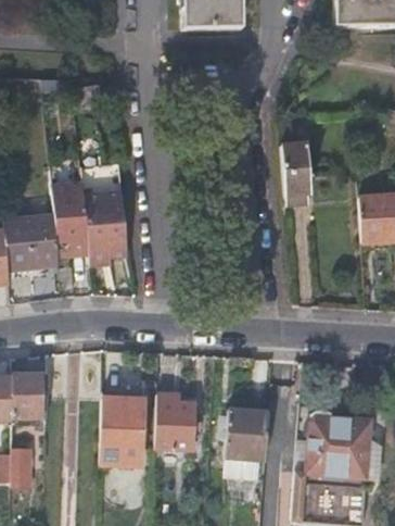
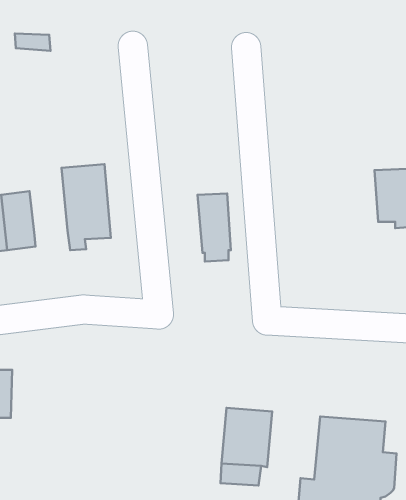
building: [282,141,311,201] -> [198,194,231,261]
building: [52,179,89,253] -> none
building: [156,390,197,447] -> none
building: [100,394,144,462] -> none

